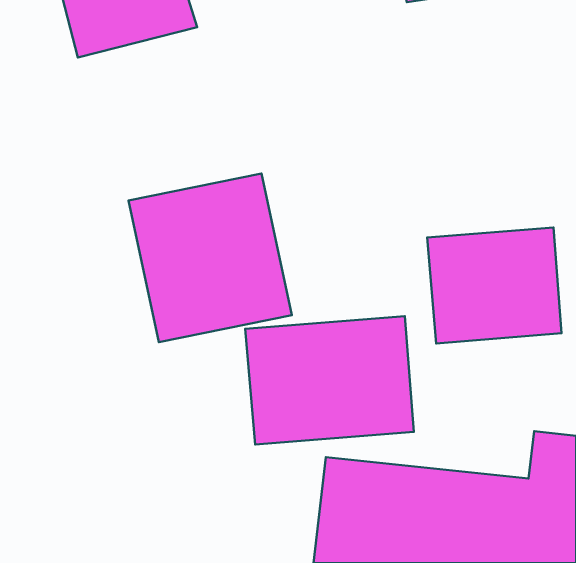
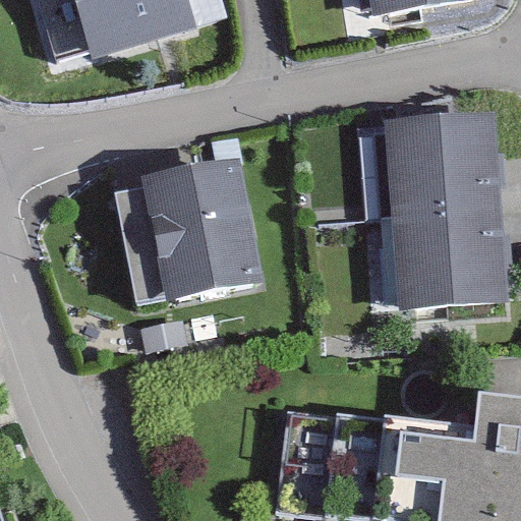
building: none -> [378,109,500,215]
building: [245,316,414,444] -> none

